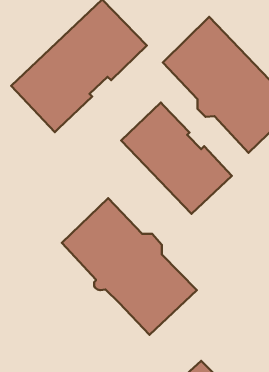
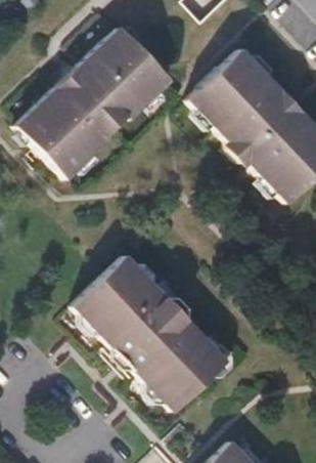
building: [121,102,232,214] -> none

